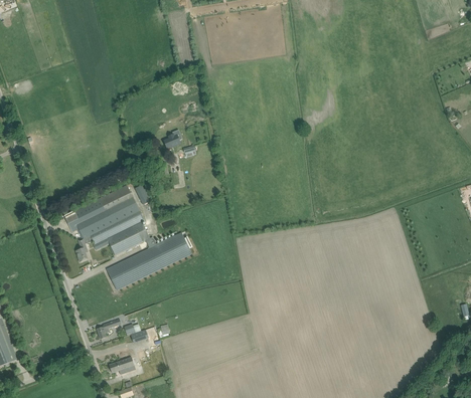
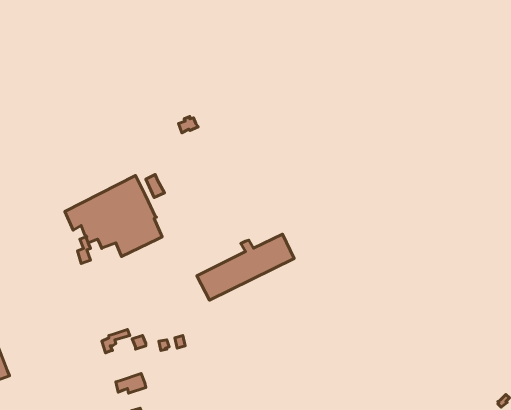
building: [108,232,192,289] -> [197,234,294,300]

